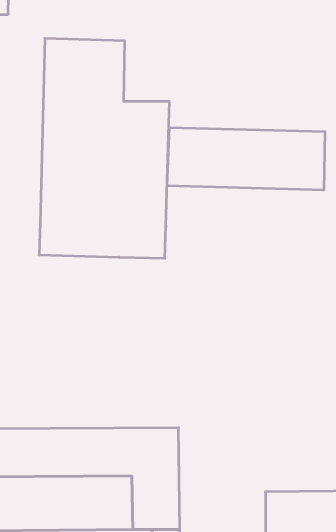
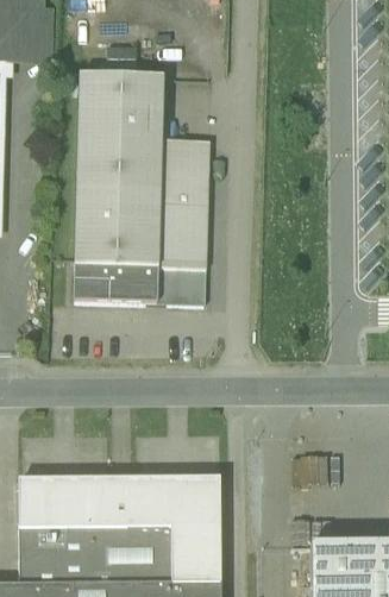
building: [167,127,325,190] -> none

